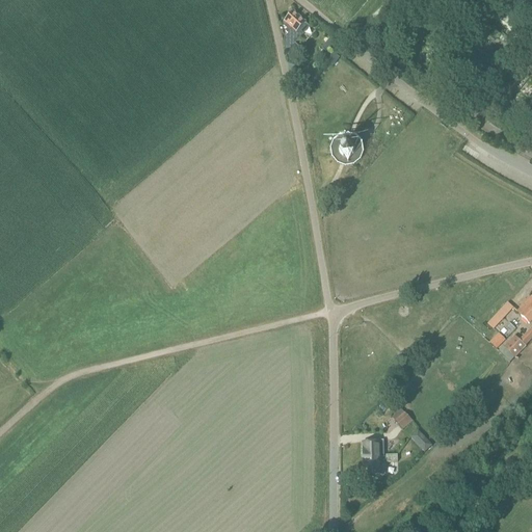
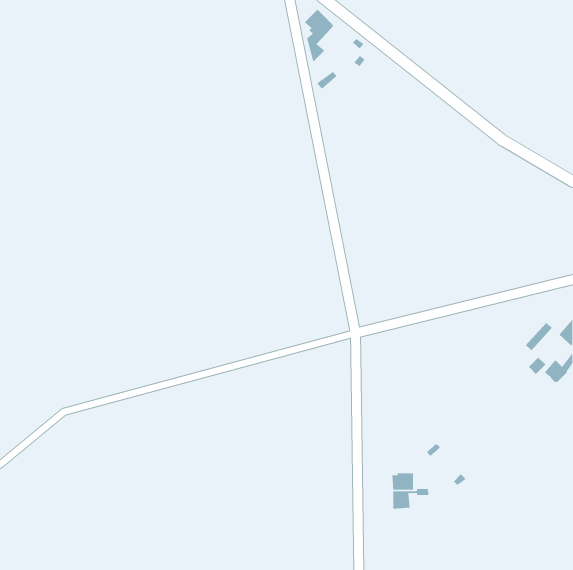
building: [331,133,361,162] -> none

